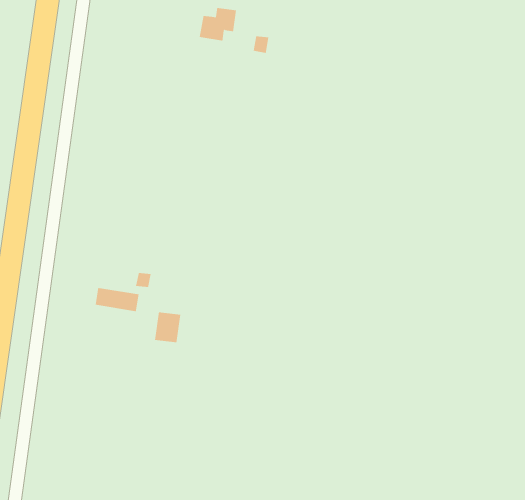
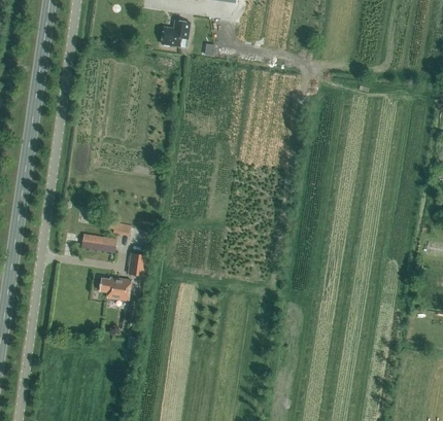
building: none -> [100,277,132,301]

